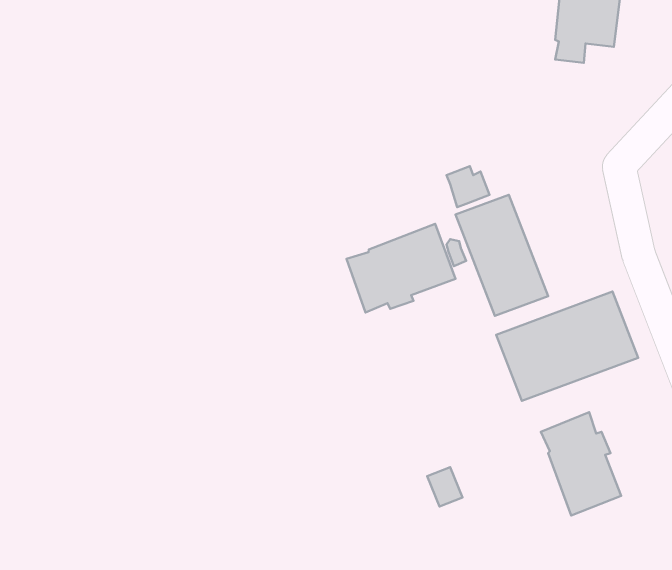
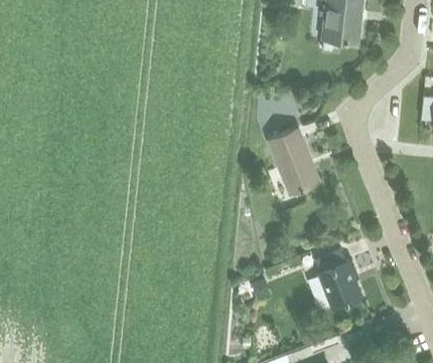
building: [347,224,455,313] -> none
building: [496,292,638,401] -> none

